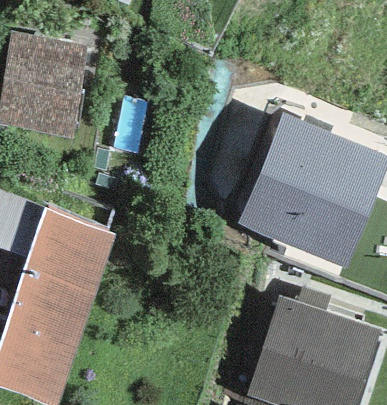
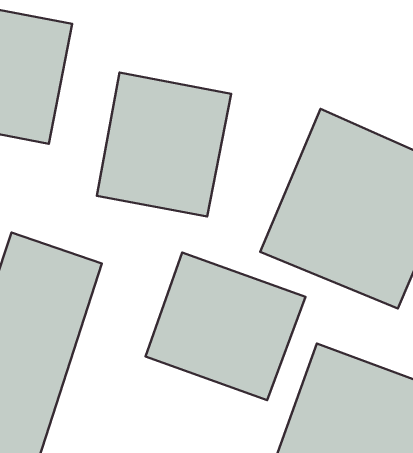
building: none -> [97,73,231,217]
building: none -> [145,253,305,400]

